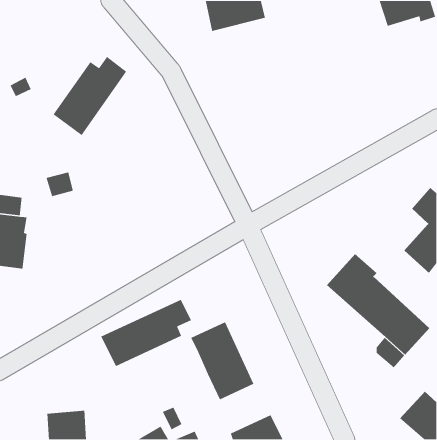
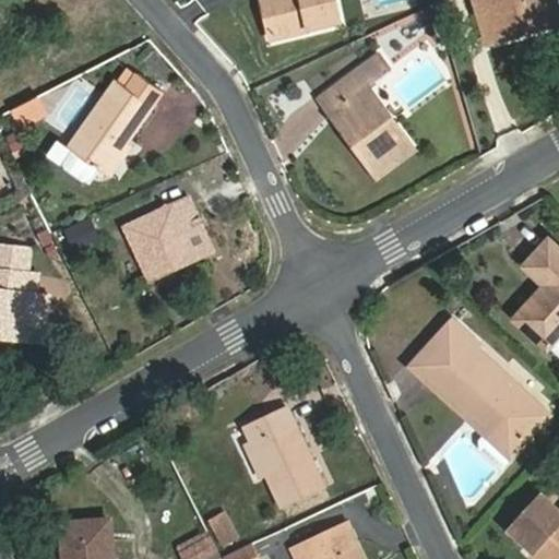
building: none -> [322,56,413,178]
building: none -> [123,199,209,275]
building: [100,299,192,367] -> none

